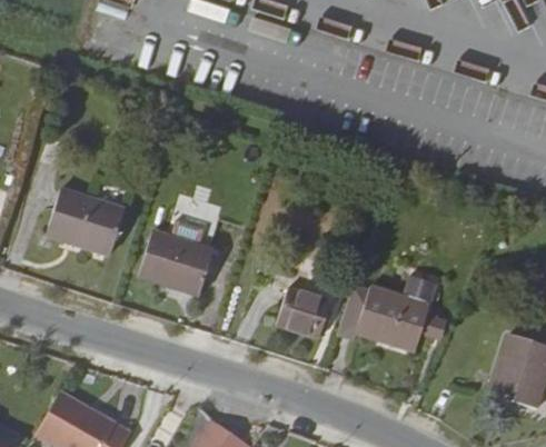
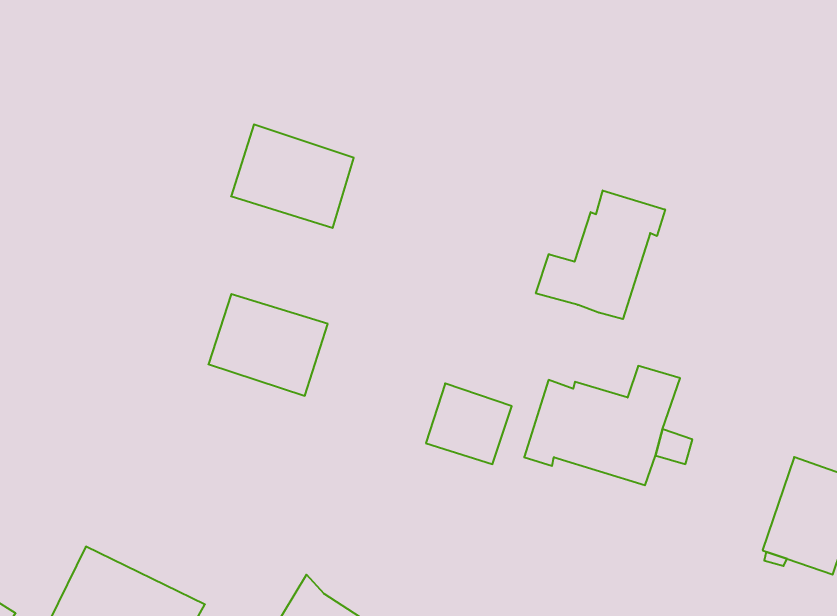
building: none -> [536,190,665,319]
building: [47,189,125,255] -> [231,124,354,228]

